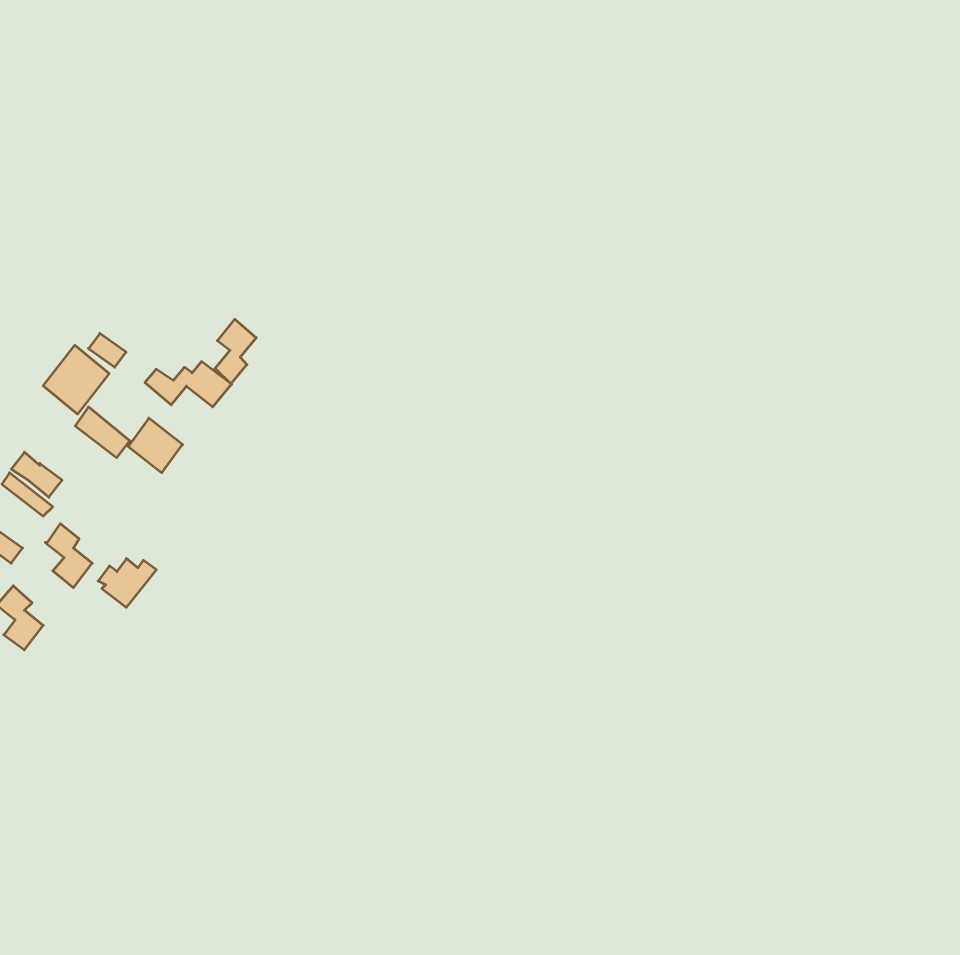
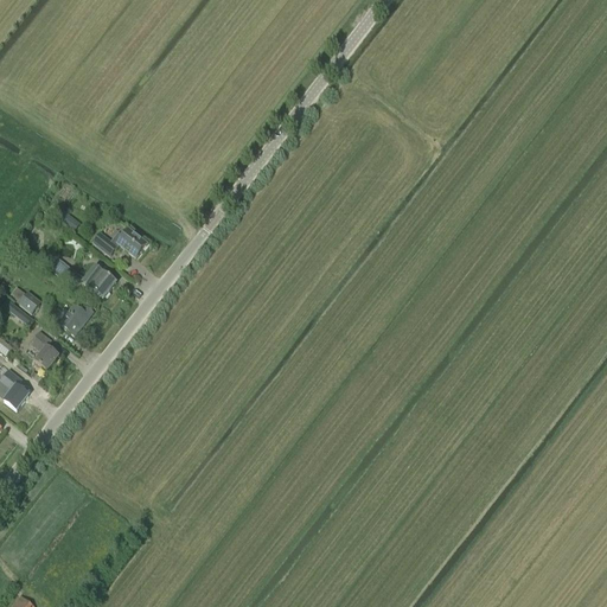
building: [214,319,256,384] -> none
building: [43,345,109,414] -> none
building: [98,558,156,607] -> [56,304,92,334]

